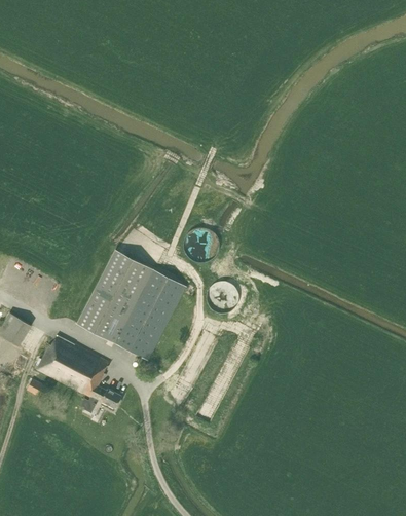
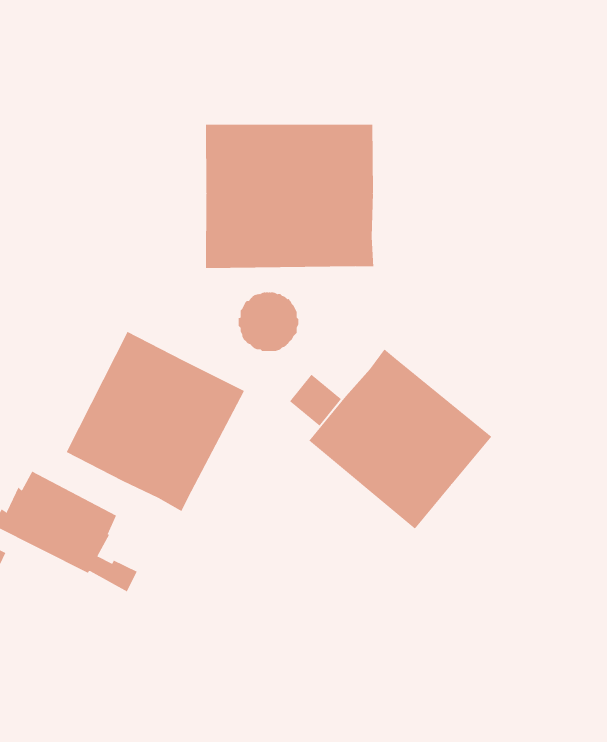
building: none -> [205,124,374,269]
building: none -> [309,348,492,530]

